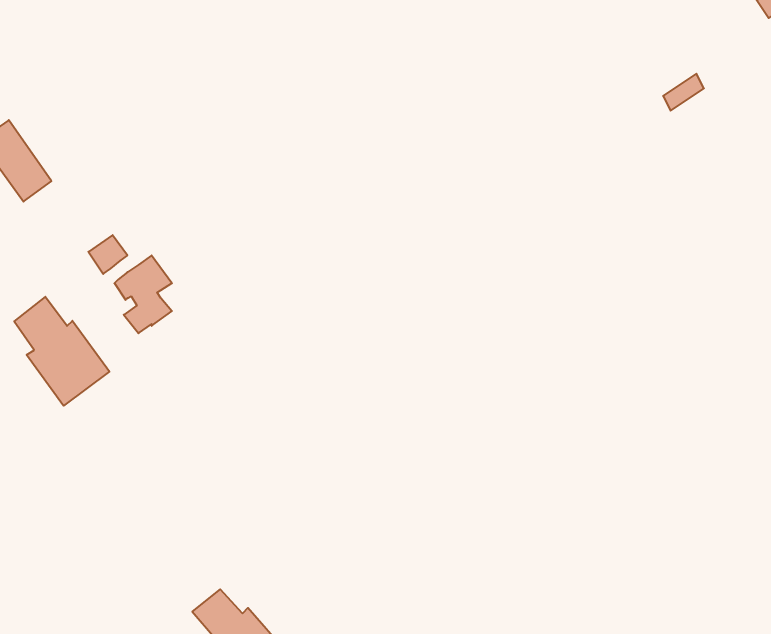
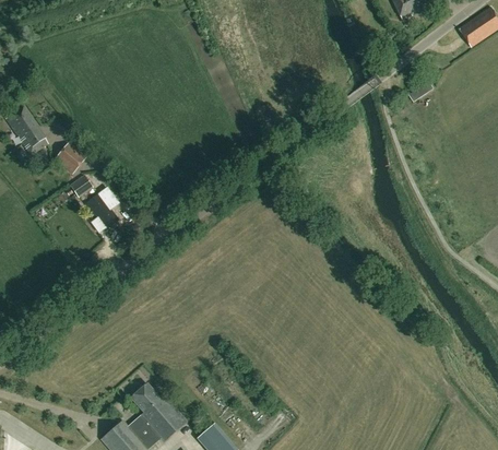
building: none -> [54,141,85,174]
building: [14,297,109,406] -> none

